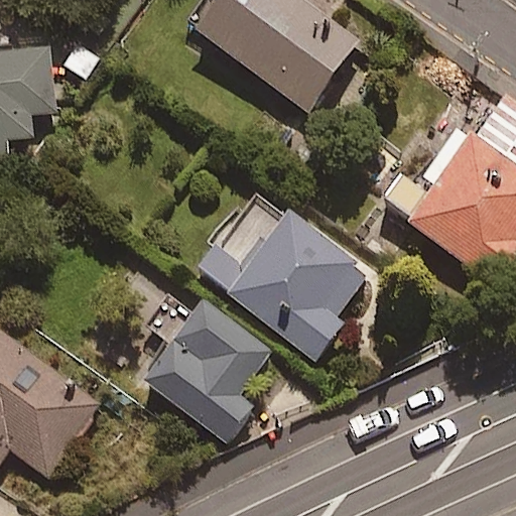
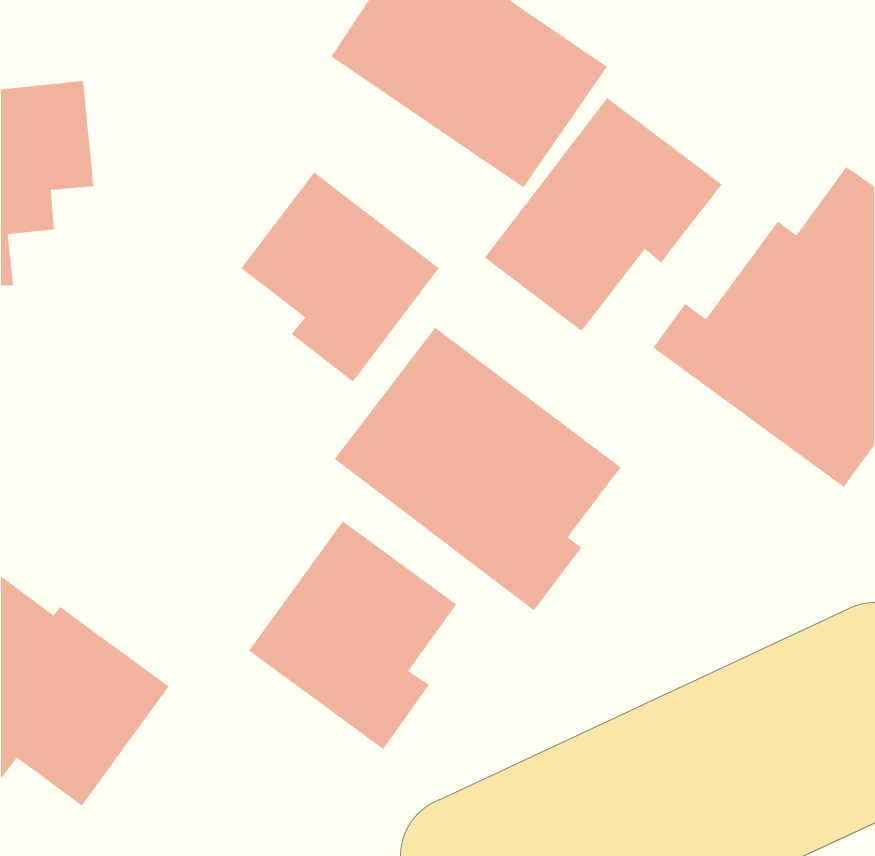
building: none -> [484,97,722,332]
building: none -> [240,172,439,382]

